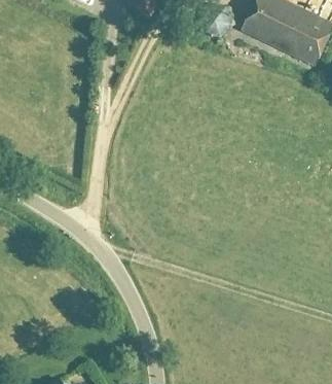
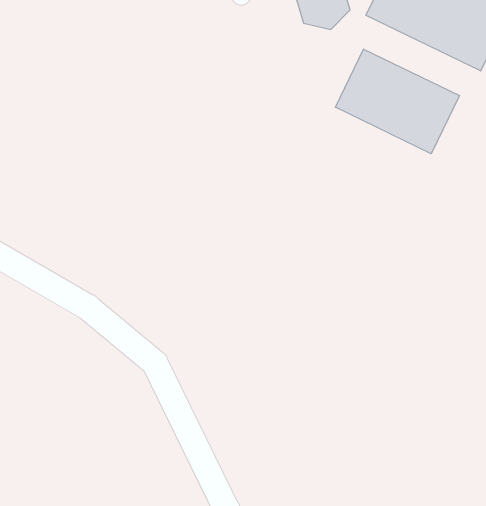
building: none -> [335,49,459,154]

